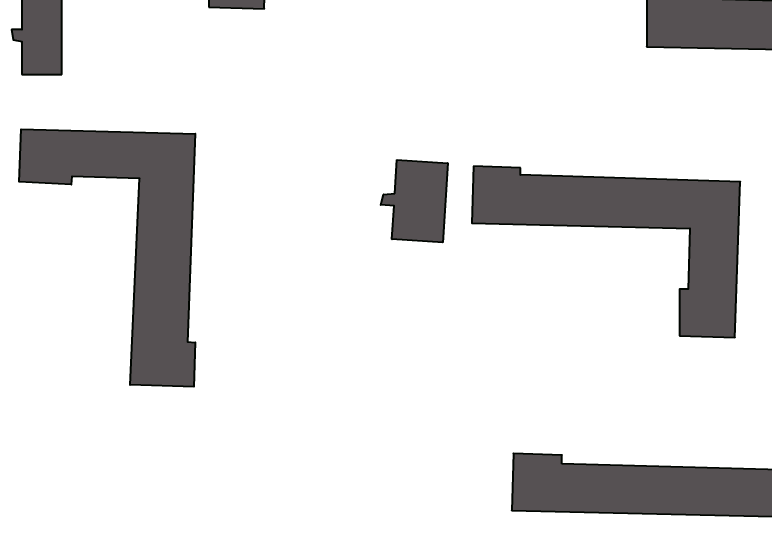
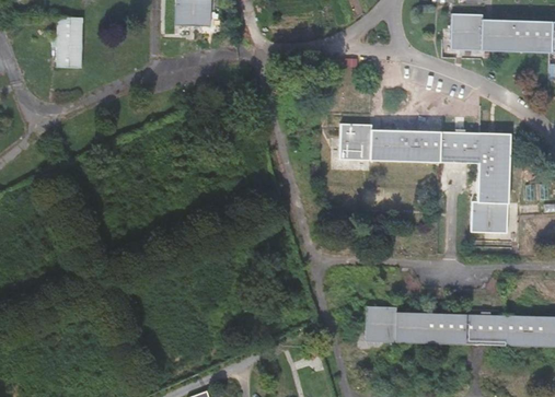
building: [19,129,195,387] -> none
building: [381,160,448,242] -> none

